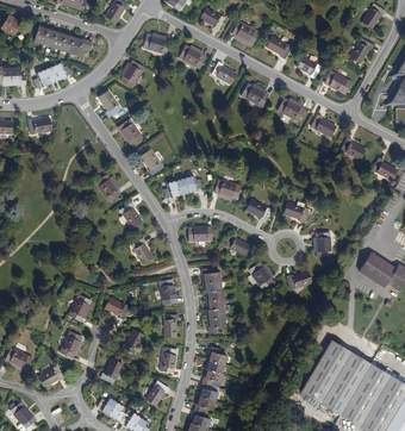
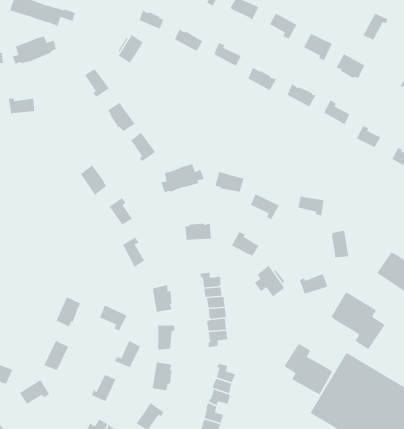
building: none -> [331,291,385,350]
building: none -> [283,343,333,396]

